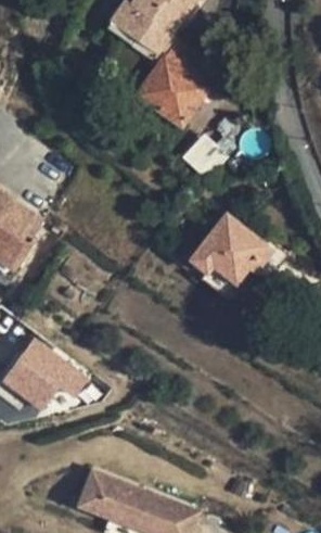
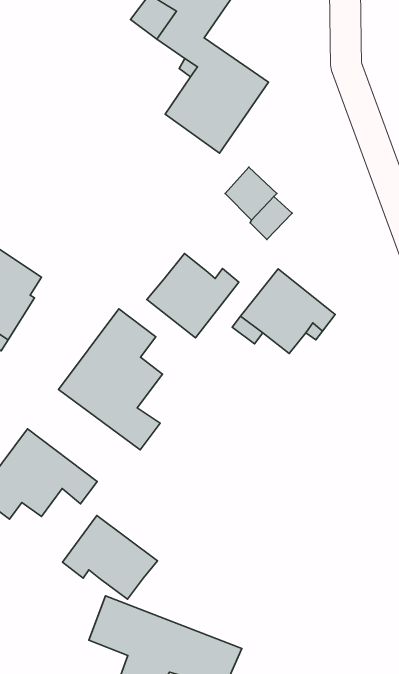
building: none -> [147,254,239,338]
building: none -> [58,309,162,450]
building: none -> [63,515,158,599]

